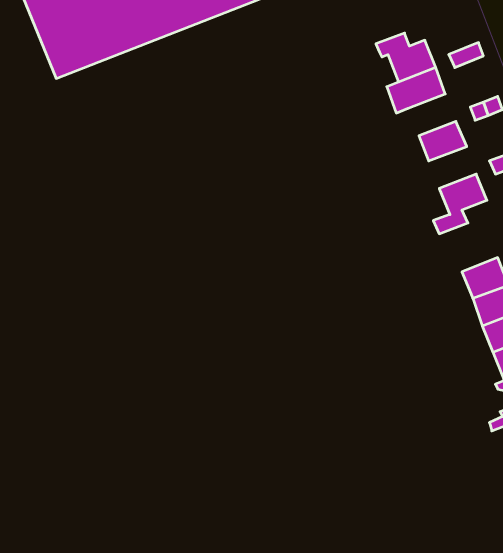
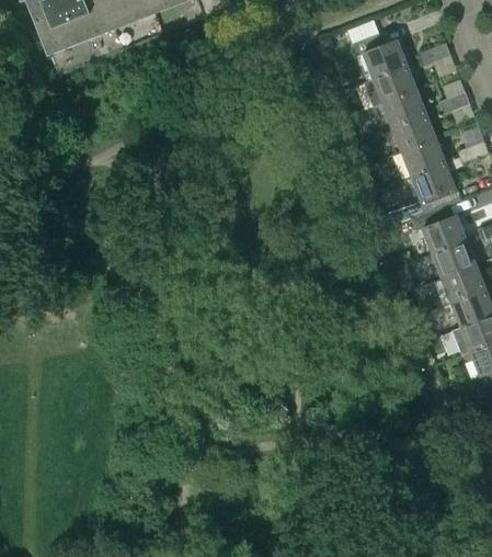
building: none -> [382,88,426,126]
building: none -> [401,136,445,174]
building: none -> [411,206,465,251]

